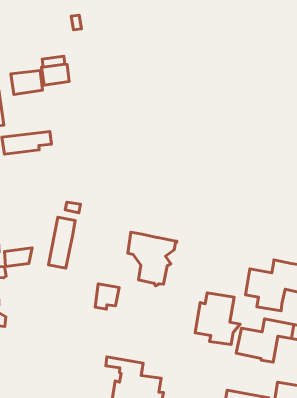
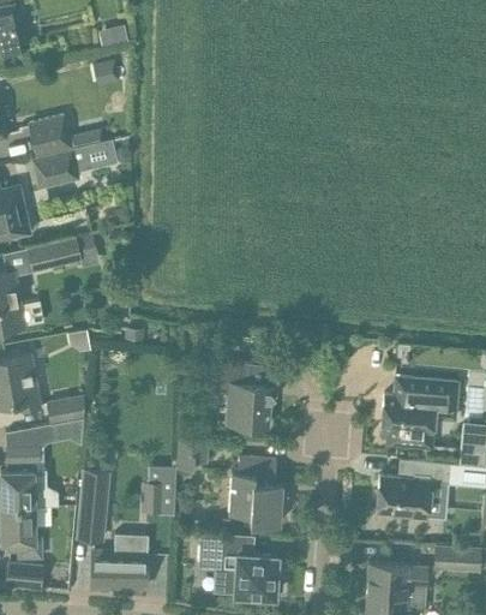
building: none -> [28,118,70,157]
building: [49,217,75,268] -> [77,472,107,541]
building: [195,293,240,345] -> [228,458,288,525]
building: none -> [148,466,175,517]
building: none -> [91,537,146,589]

